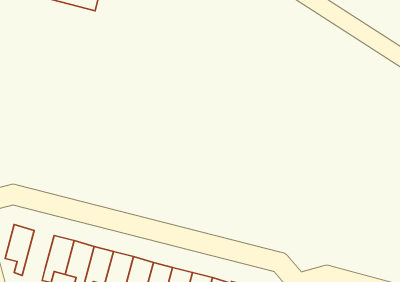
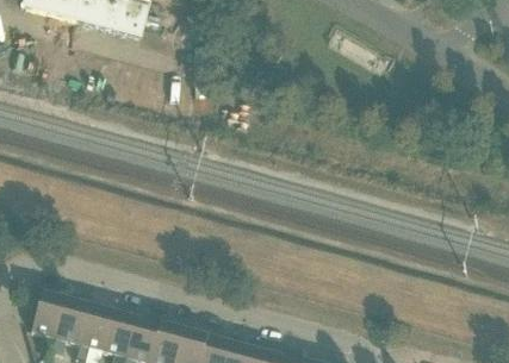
building: none -> [51,301,89,357]

